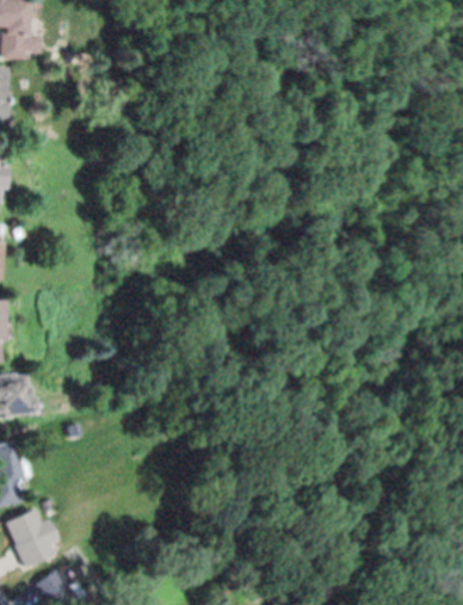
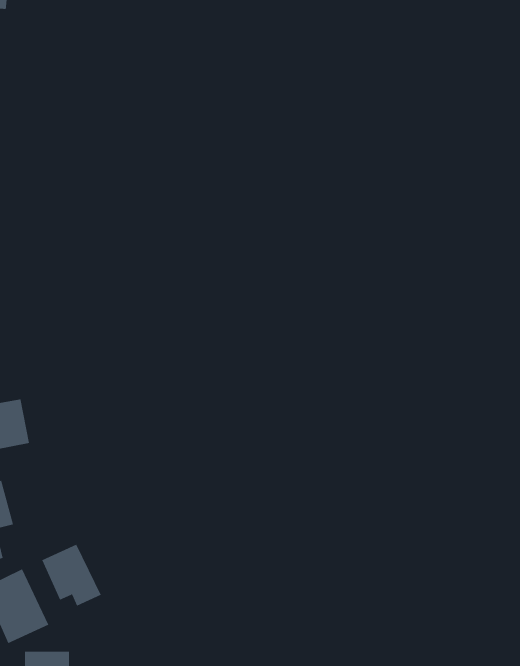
building: none -> [41,544,101,606]

